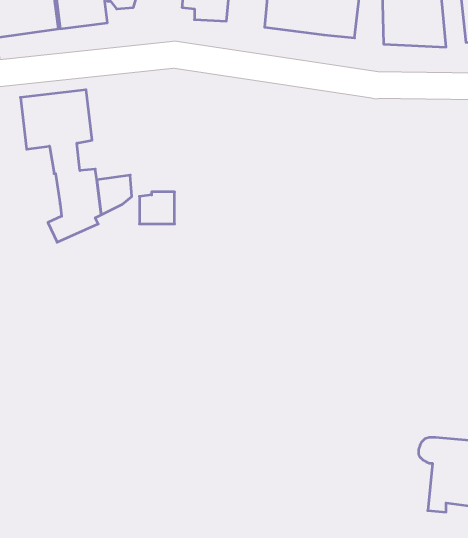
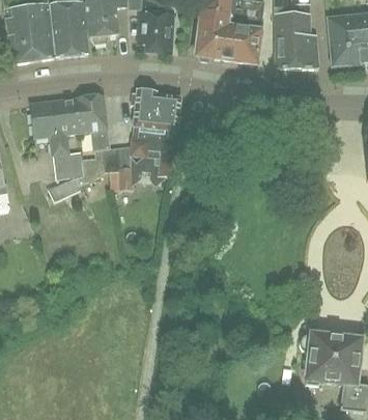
building: none -> [130,90,181,176]
building: none -> [74,93,111,150]

